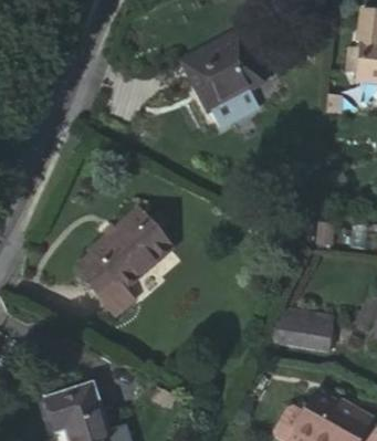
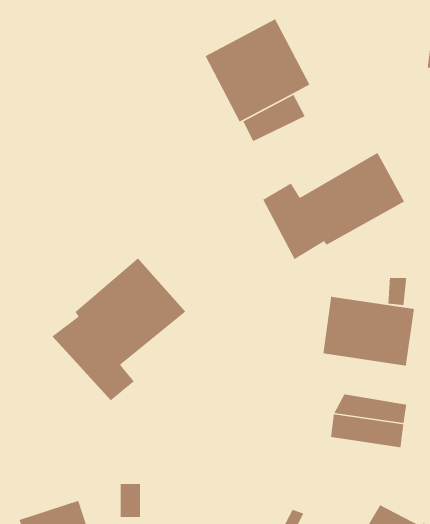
building: none -> [262,152,405,260]
building: none -> [322,296,415,367]

